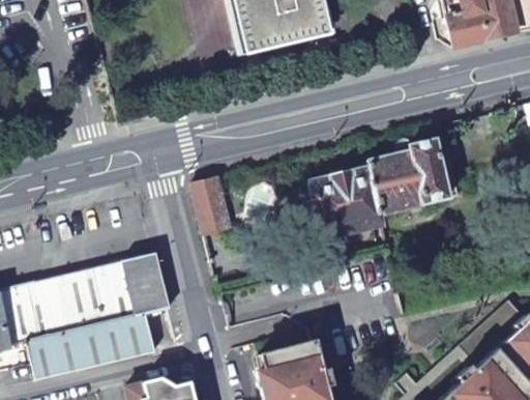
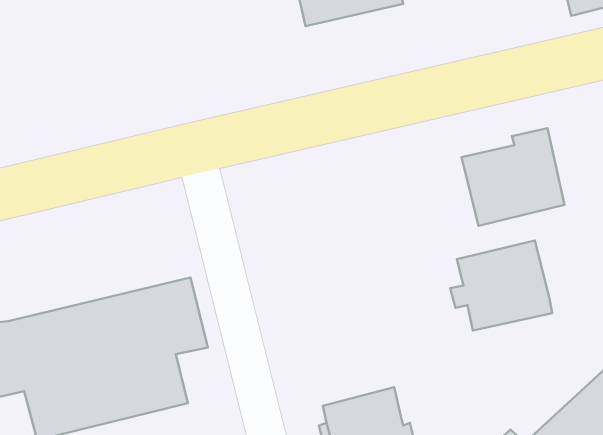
building: [305,167,385,237] -> [450,240,552,330]
building: [193,176,231,233] -> none

